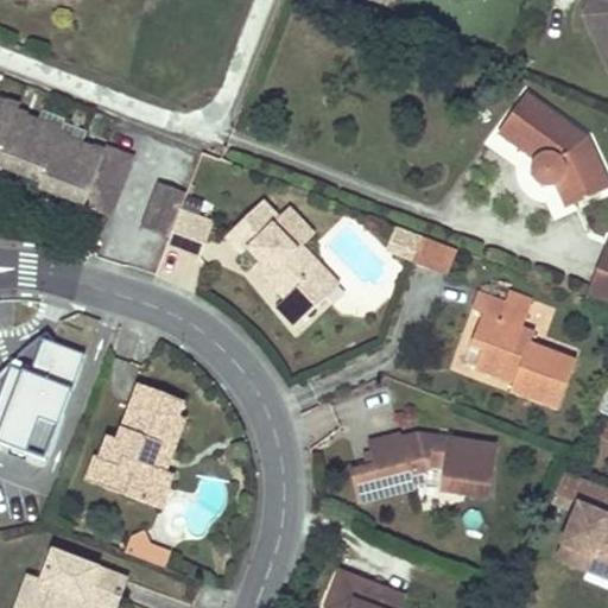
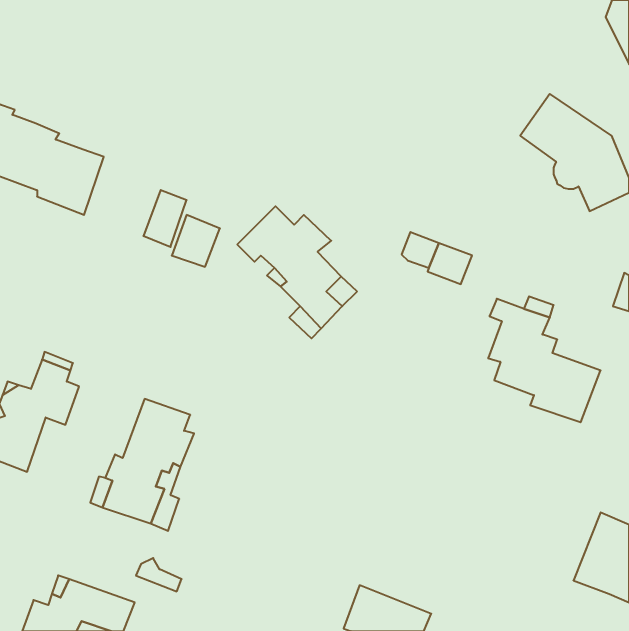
building: [81,147,127,216] -> none
building: [353,431,495,500] -> none

